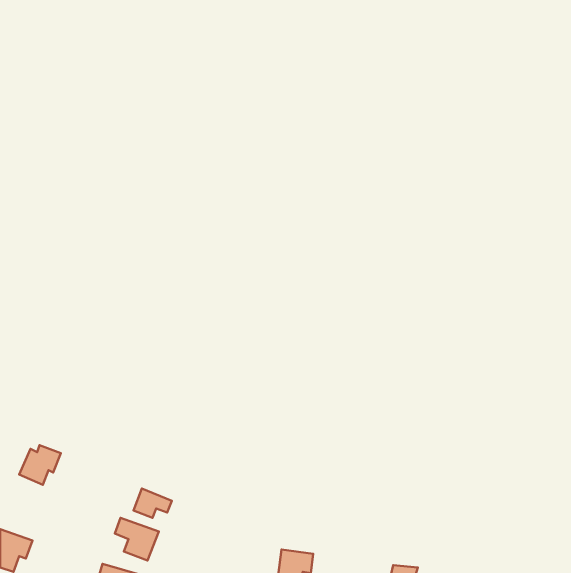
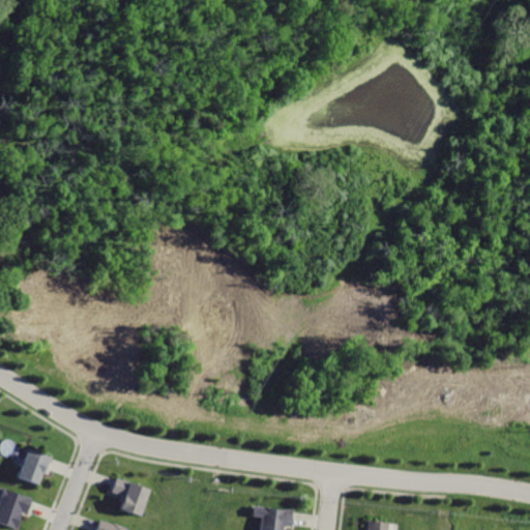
building: [19,445,61,485] -> [13,451,52,488]
building: [133,489,172,518] -> none

